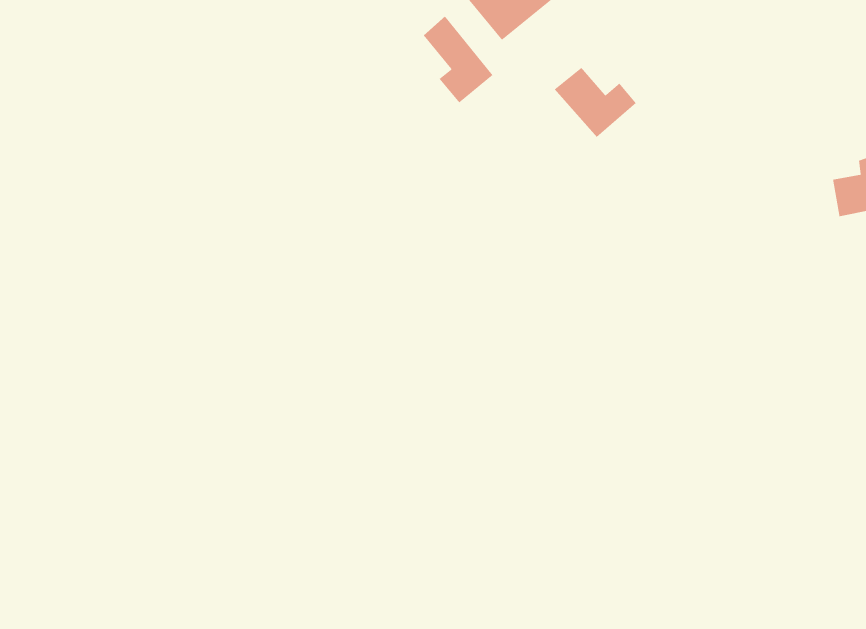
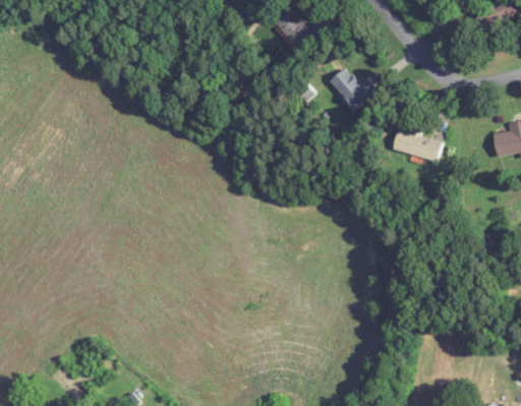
building: [423,15,493,103] -> none
building: none -> [393,128,443,162]

